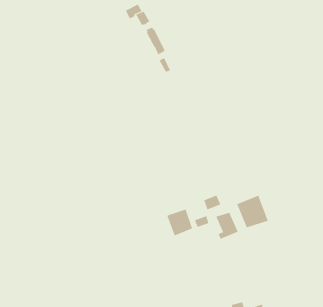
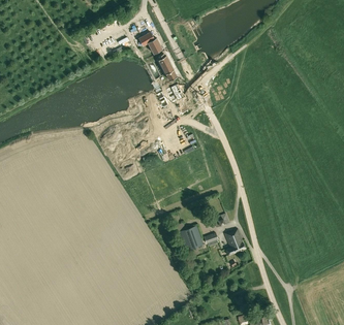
building: [237,195,269,228] -> none

